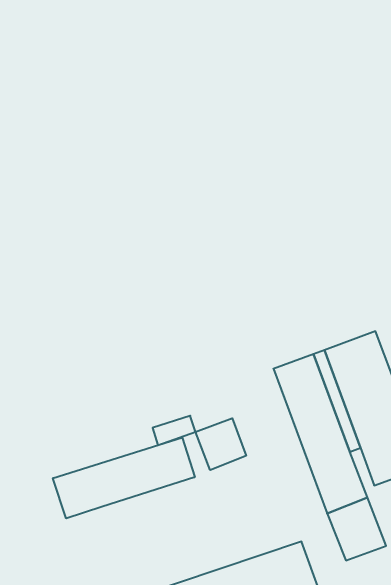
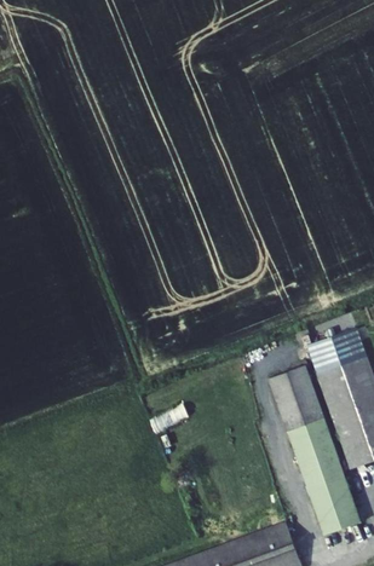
building: [196,418,246,470] -> none
building: [53,438,195,518] -> none

